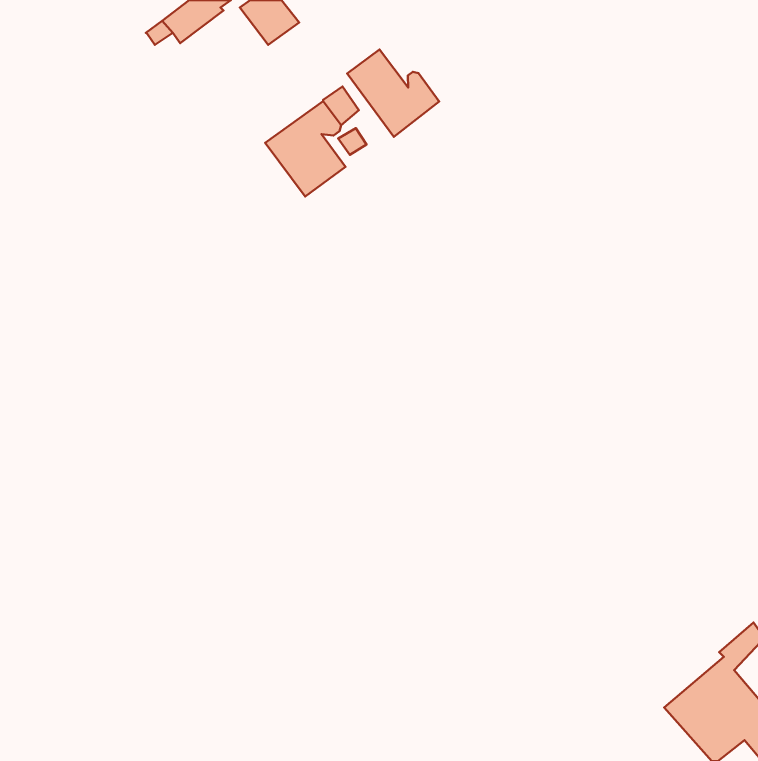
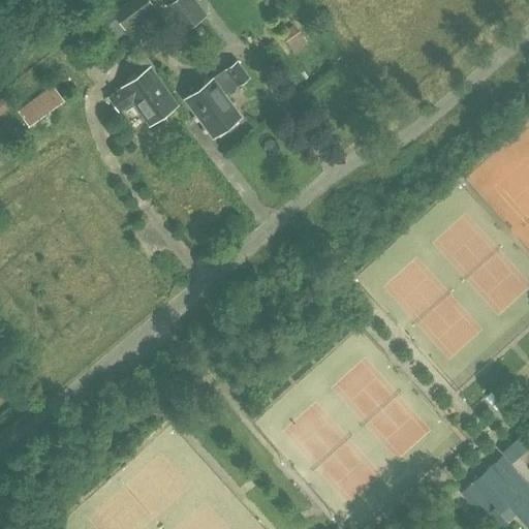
building: [347,49,439,137] -> none
building: none -> [113,58,177,124]
building: none -> [19,89,61,126]

